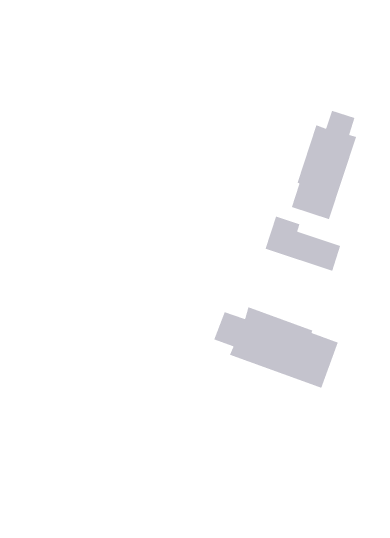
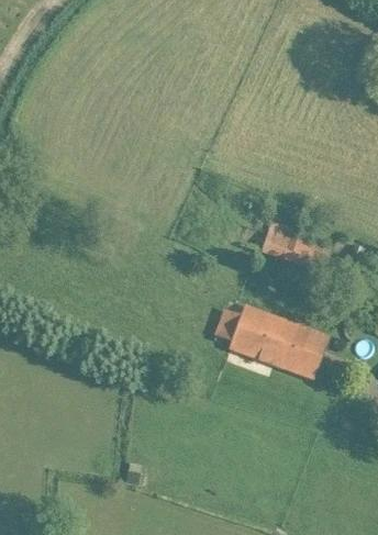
building: [291,110,357,220] -> none

